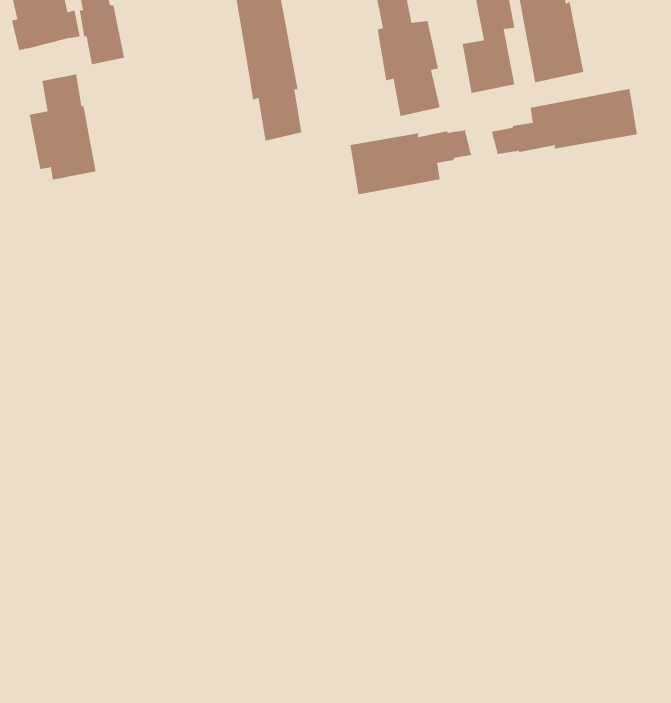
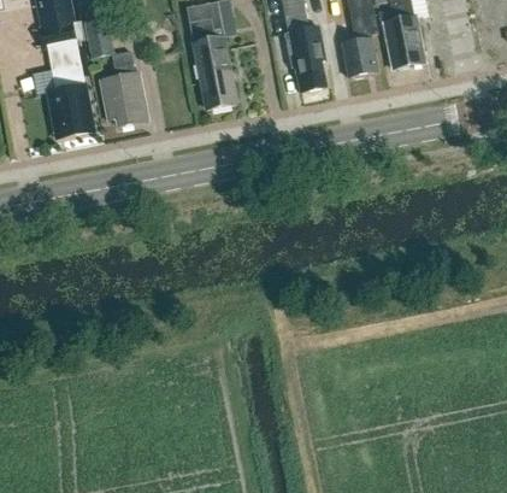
building: none -> [100,51,147,127]
building: [491,88,637,155] -> none
building: [350,129,472,195] -> none

